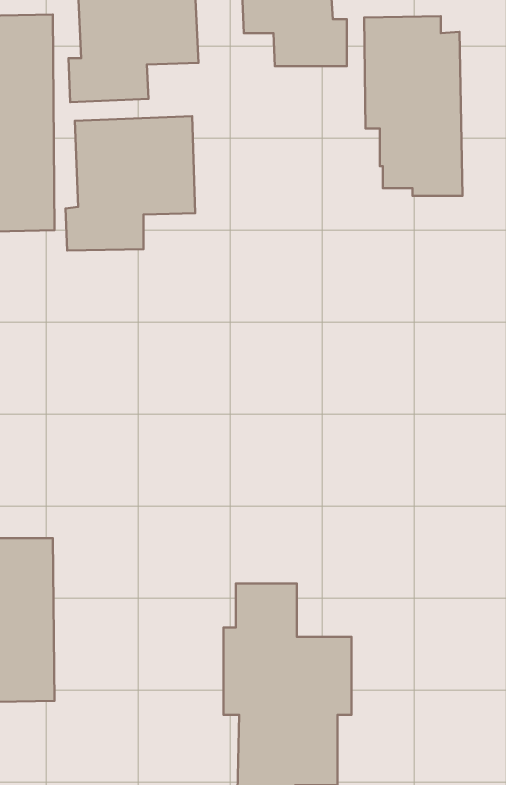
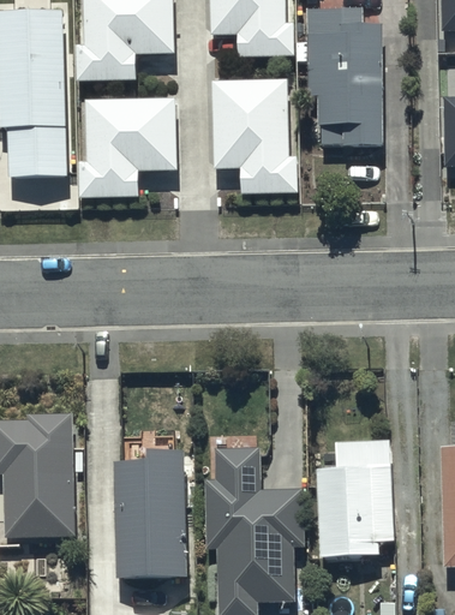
building: none -> [218,82,299,189]
building: none -> [312,443,387,559]
building: none -> [107,453,182,583]

